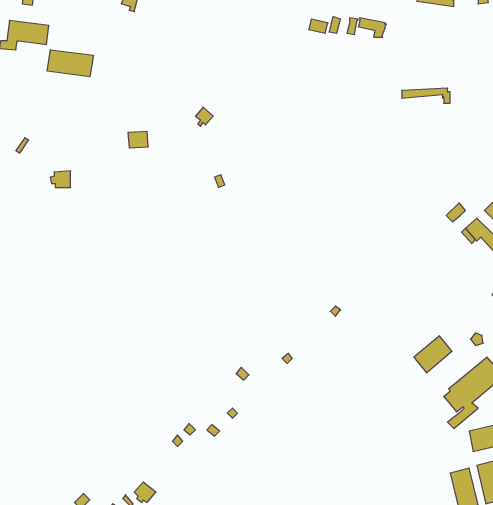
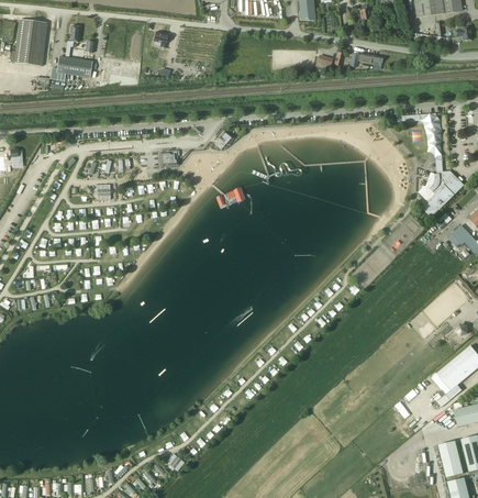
building: [47,50,93,77] -> none
building: none -> [419,155,464,217]
building: [414,336,452,373] -> none

